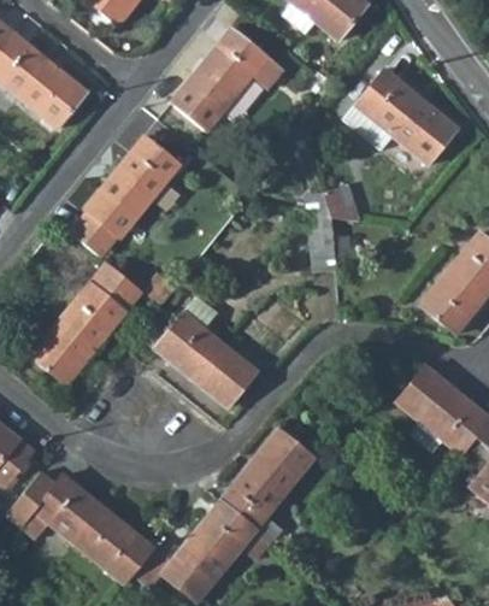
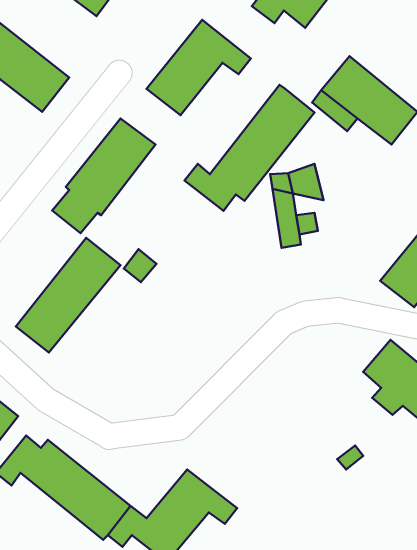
building: none -> [184,85,314,211]
building: [158,299,259,410] -> none
building: [214,435,310,548] -> none

